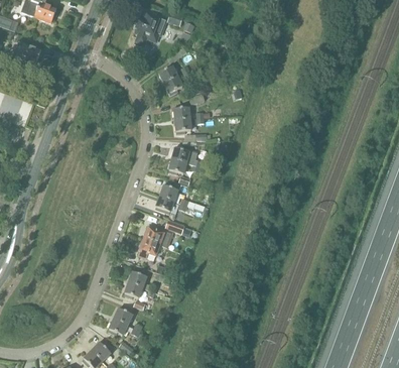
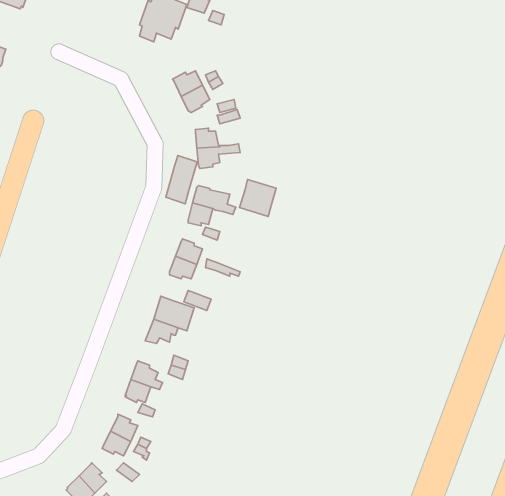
building: none -> [166,155,197,204]
building: none -> [240,179,276,216]

